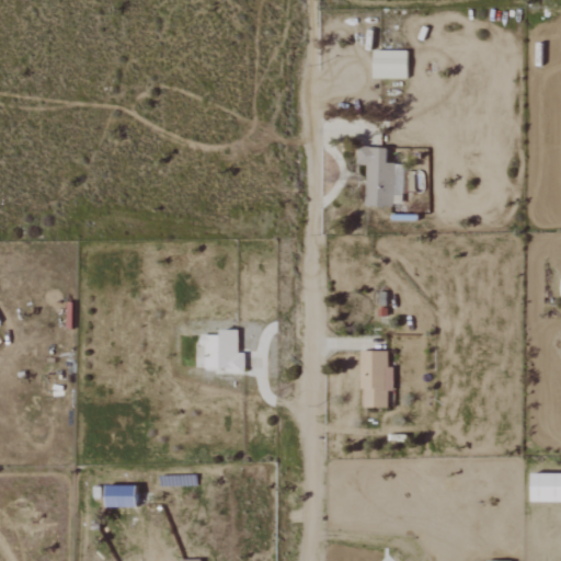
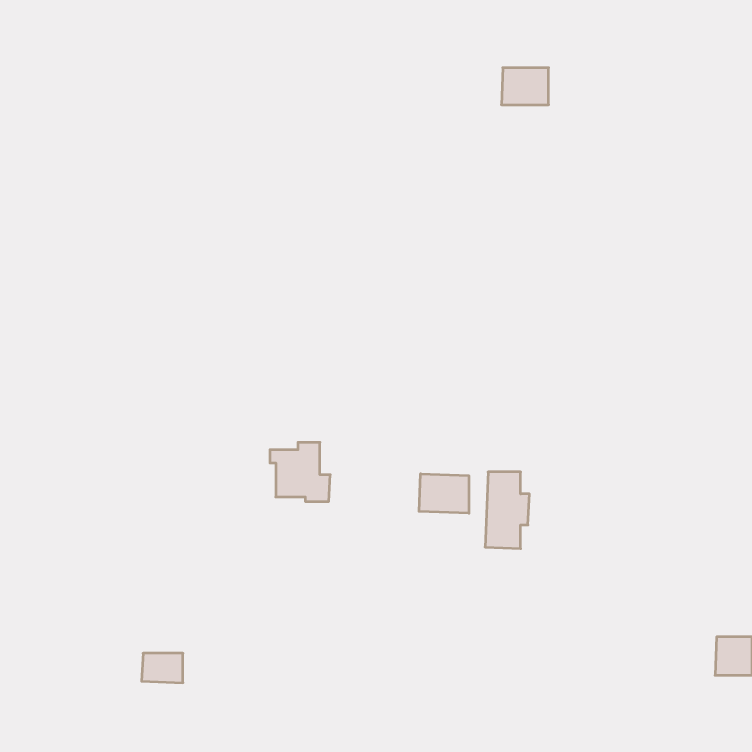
building: [357,147,394,206] -> none
building: none -> [419,474,469,513]

